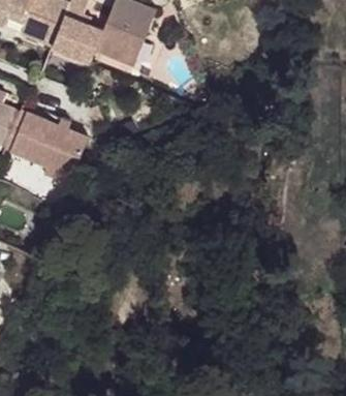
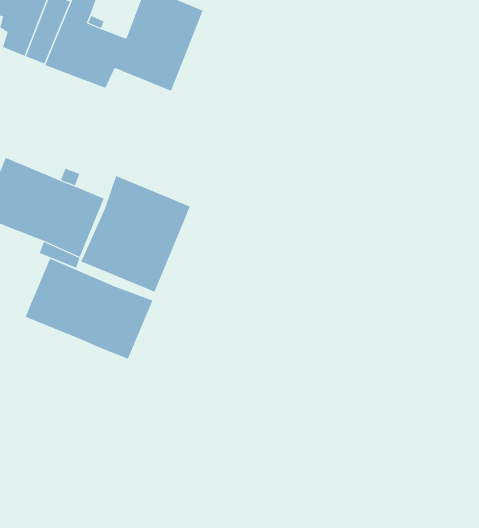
building: none -> [81,175,190,293]
building: none -> [25,258,153,360]

